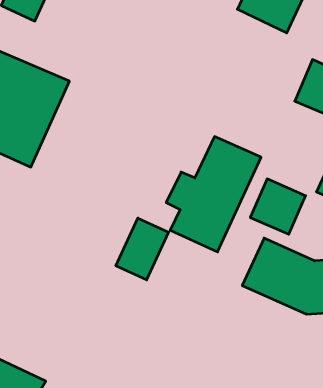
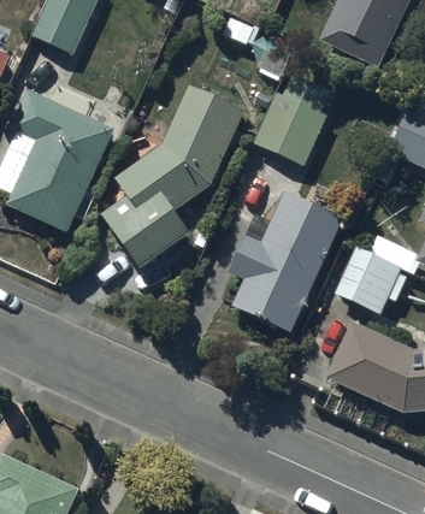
building: none -> [255,72,333,166]
building: none -> [104,88,248,272]
building: [116,218,169,280] -> none

